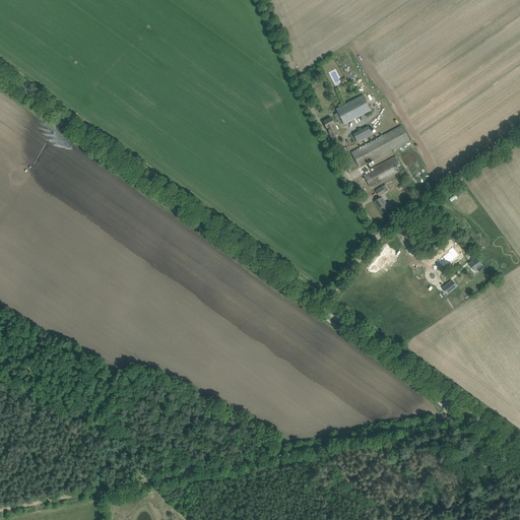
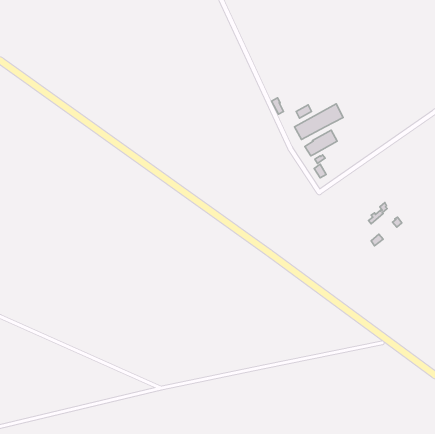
building: [336,93,371,123] -> none

